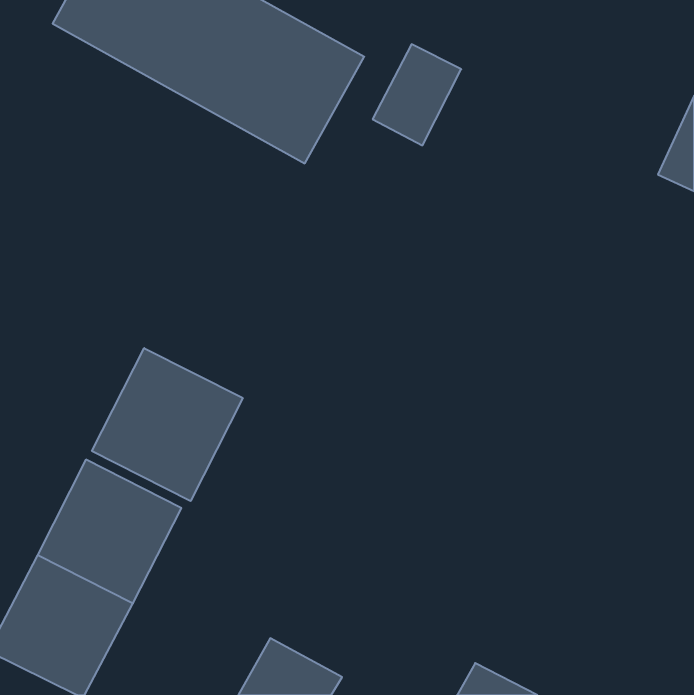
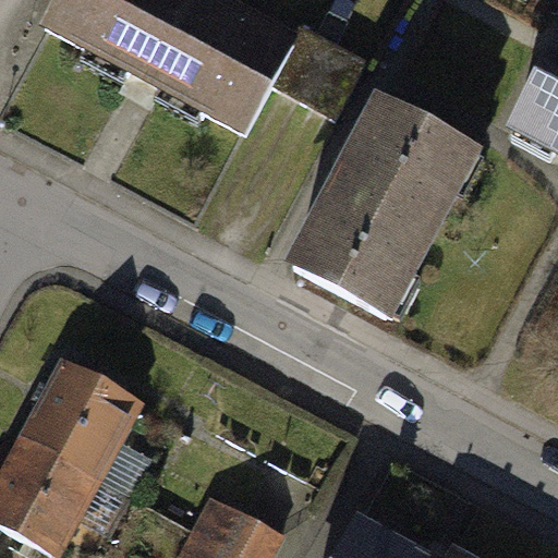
building: none -> [284,96,475,313]
building: [92,348,243,501] -> none

